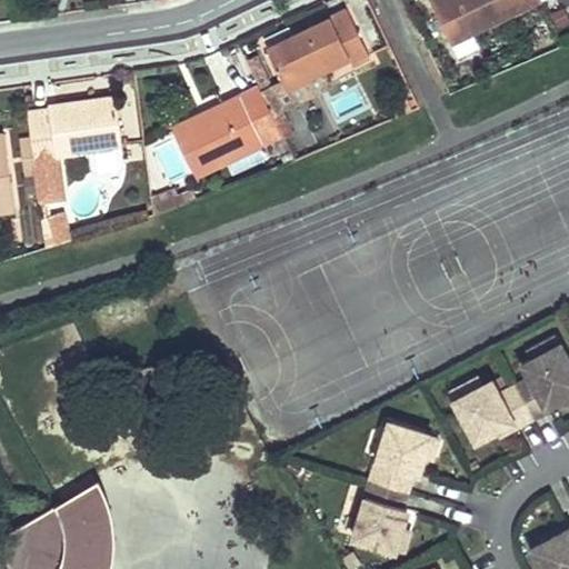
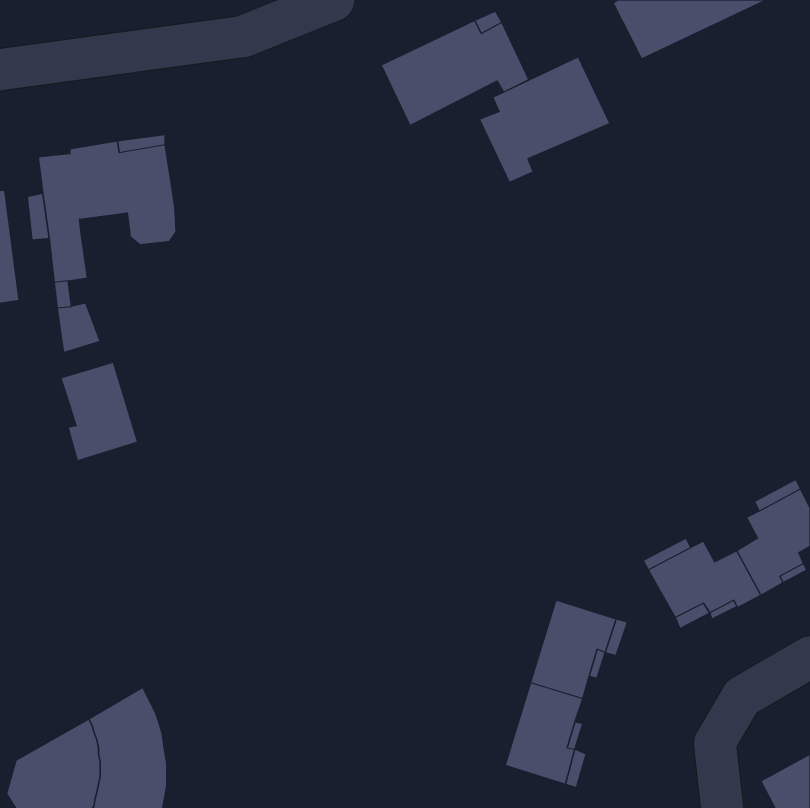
building: none -> [479,57,610,182]
building: [171,84,282,177] -> none
building: none -> [61,362,138,461]

